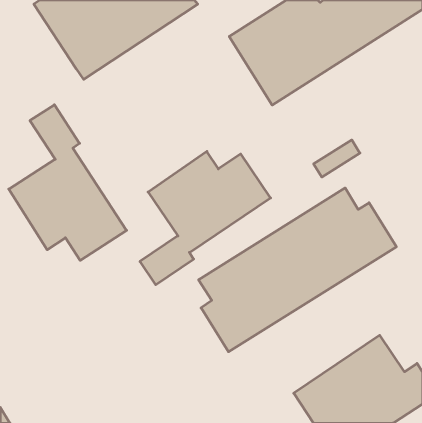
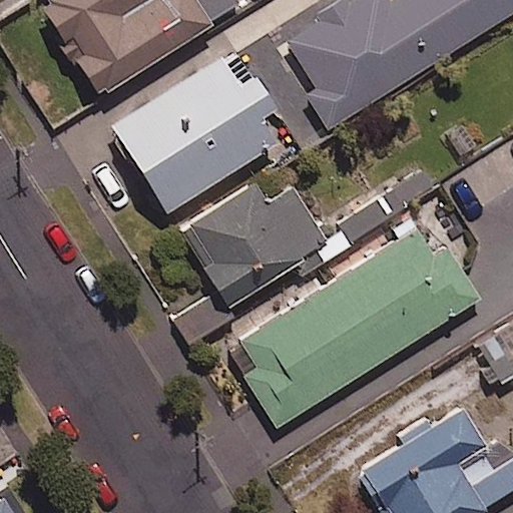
building: none -> [111,46,277,213]
building: [9,105,127,260] -> none

